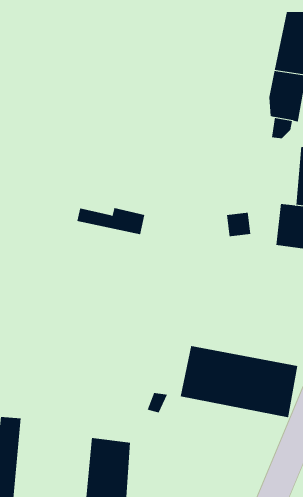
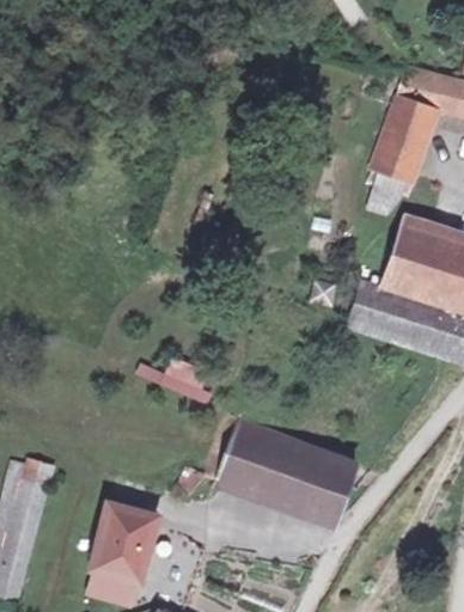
building: [76,207,145,235] -> [134,362,212,404]

